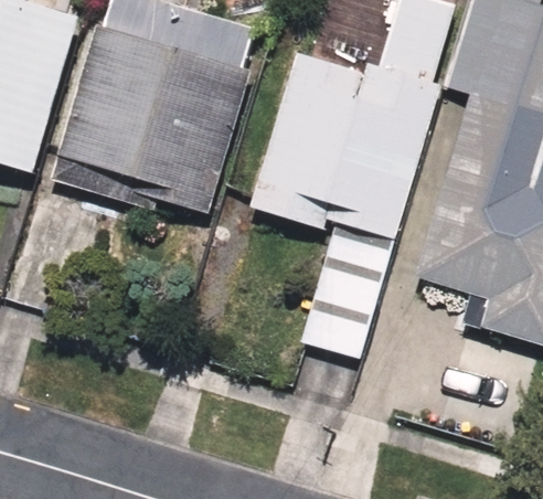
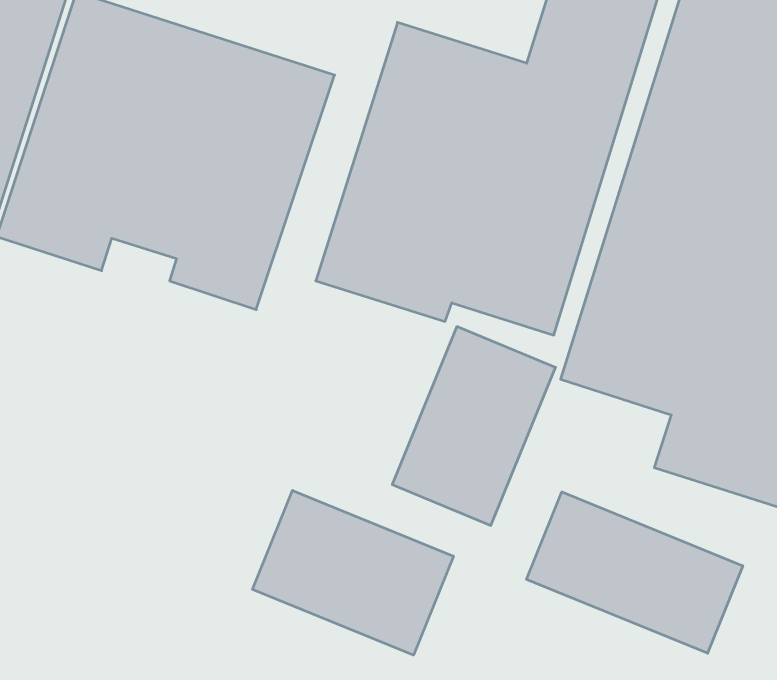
building: none -> [253,490,453,655]
building: none -> [527,492,743,653]

